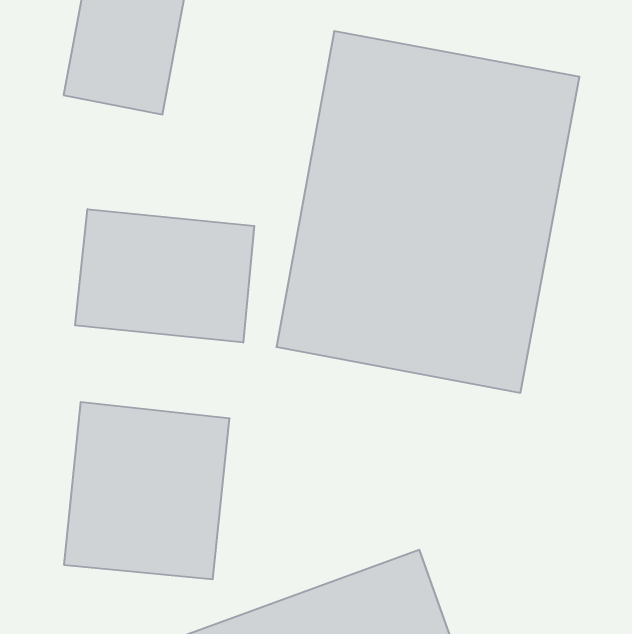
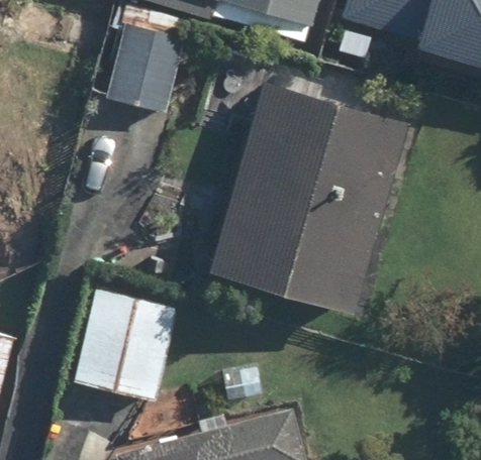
building: [75,209,254,343] -> none

